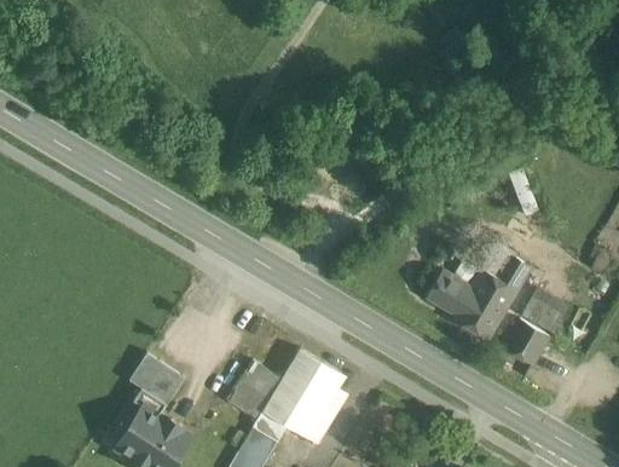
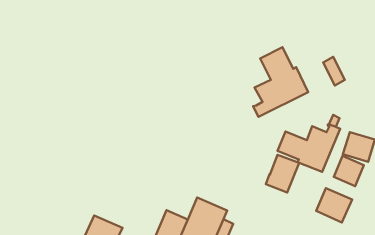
building: none -> [253,47,308,117]
building: none -> [266,155,299,193]
building: none -> [316,188,352,222]

